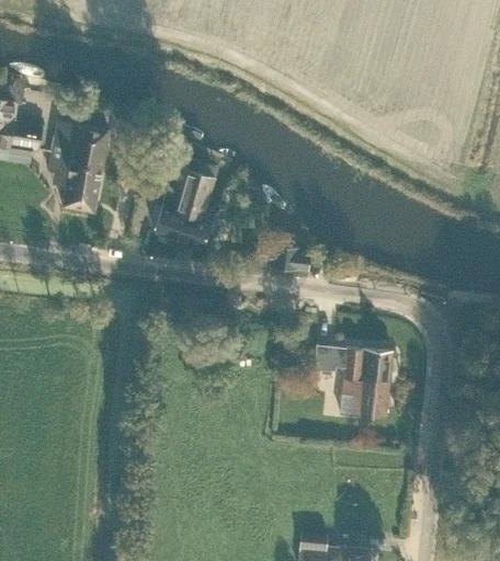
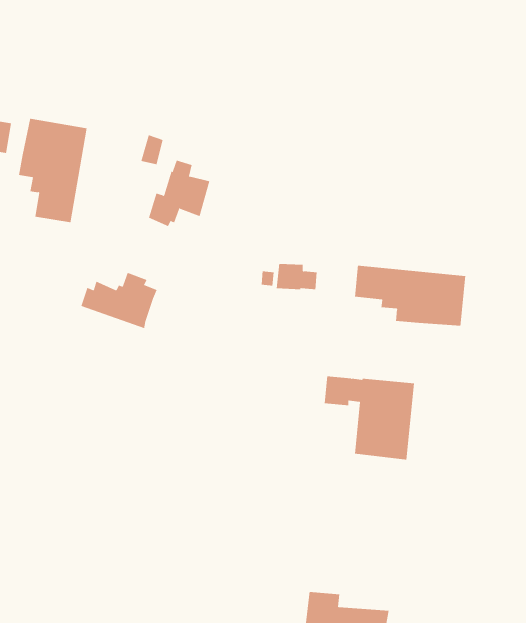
building: [149,201,216,250] -> [81,272,158,329]
building: none -> [354,265,466,327]

